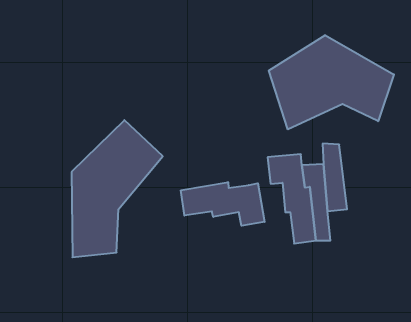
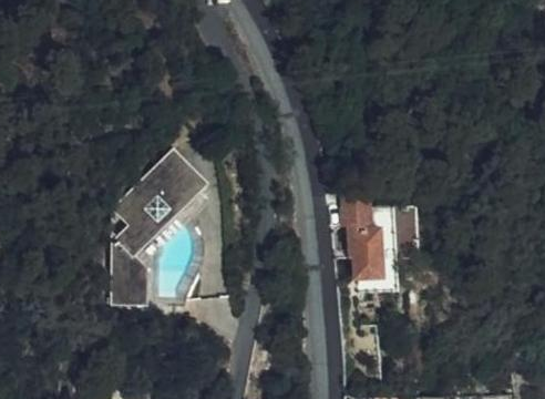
building: [269,35,394,129] -> none
building: [181,182,265,226] -> none

